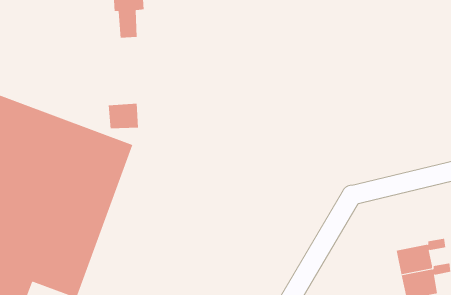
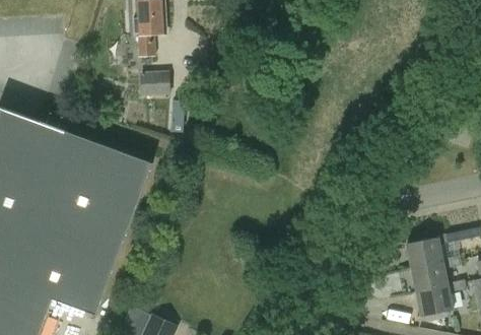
building: [108,103,139,129] -> [139,71,169,96]
building: none -> [406,231,457,268]

